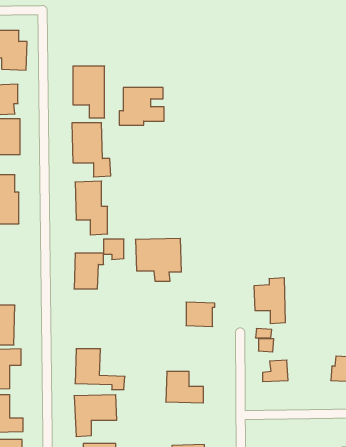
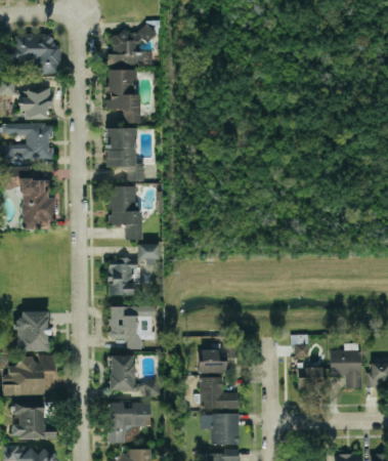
building: [119,88,164,125] -> [109,32,154,70]
building: [135,238,181,281] -> [109,306,155,349]
building: [254,278,285,324] -> [330,343,361,389]
building: [186,302,215,327] -> [201,349,229,374]
building: none -> [202,414,240,446]

